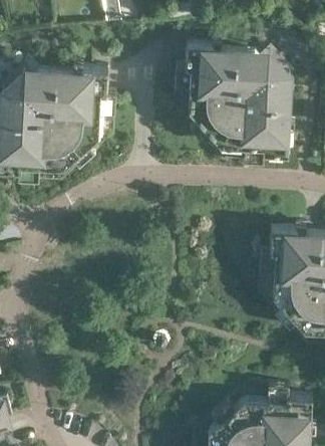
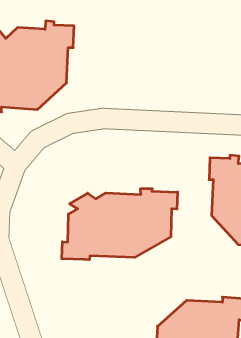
building: [184,38,293,152] -> none
building: none -> [62,189,178,260]

